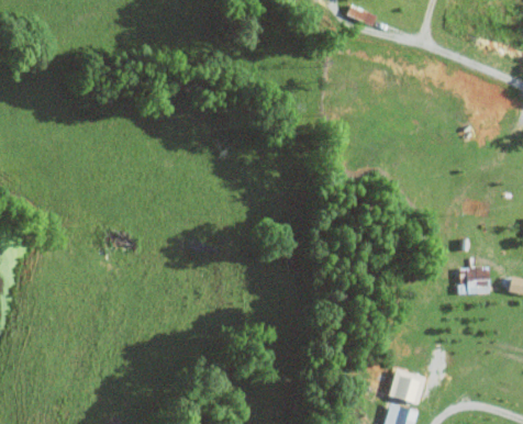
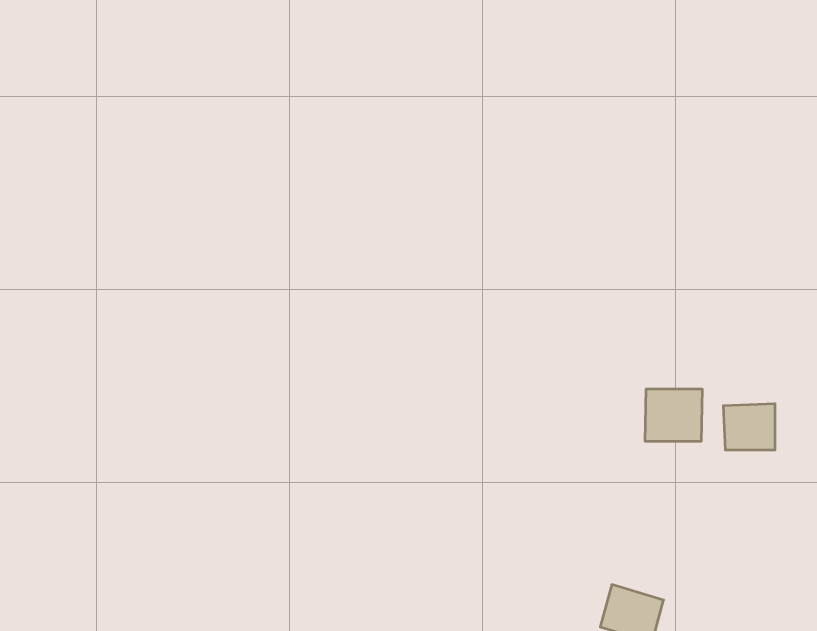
building: none -> [645,389,702,441]

